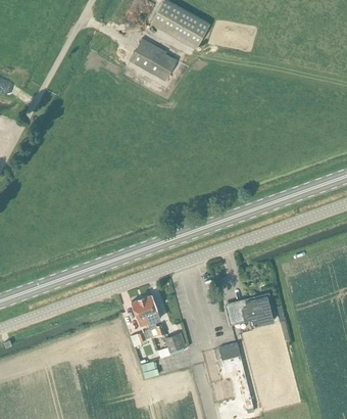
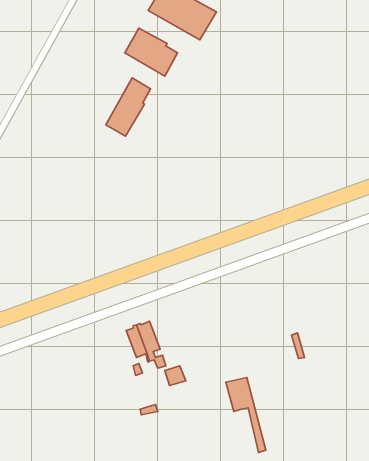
building: none -> [106,78,150,136]
building: [227,296,274,326] -> none

